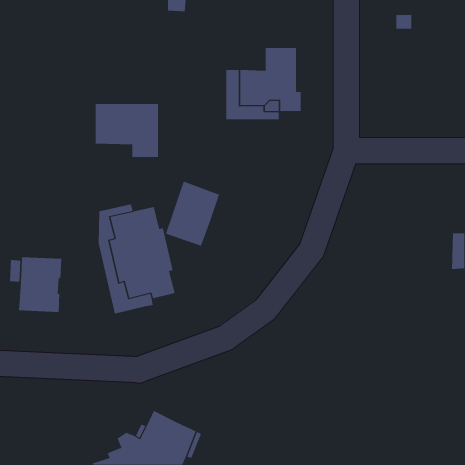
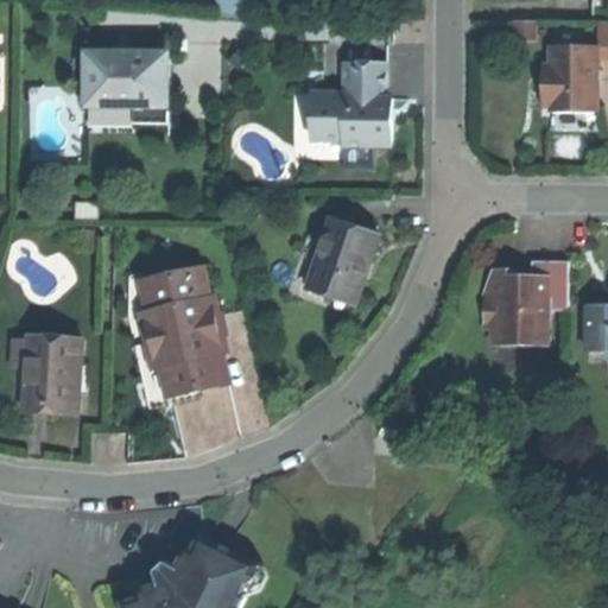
building: none -> [545,45,597,104]
building: [95,104,159,158] -> [84,52,167,122]
building: [165,181,220,247] -> [308,217,379,303]
building: none -> [483,260,568,343]

